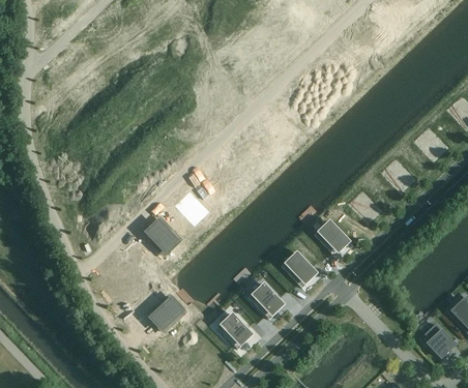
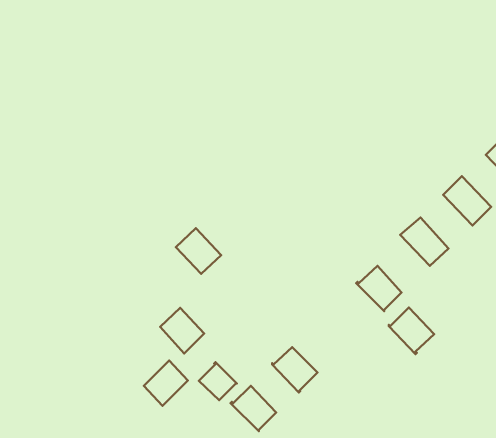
building: [144,217,178,252] -> [160,308,204,353]
building: [282,250,317,287] -> [389,307,434,354]
building: none -> [199,362,237,400]

